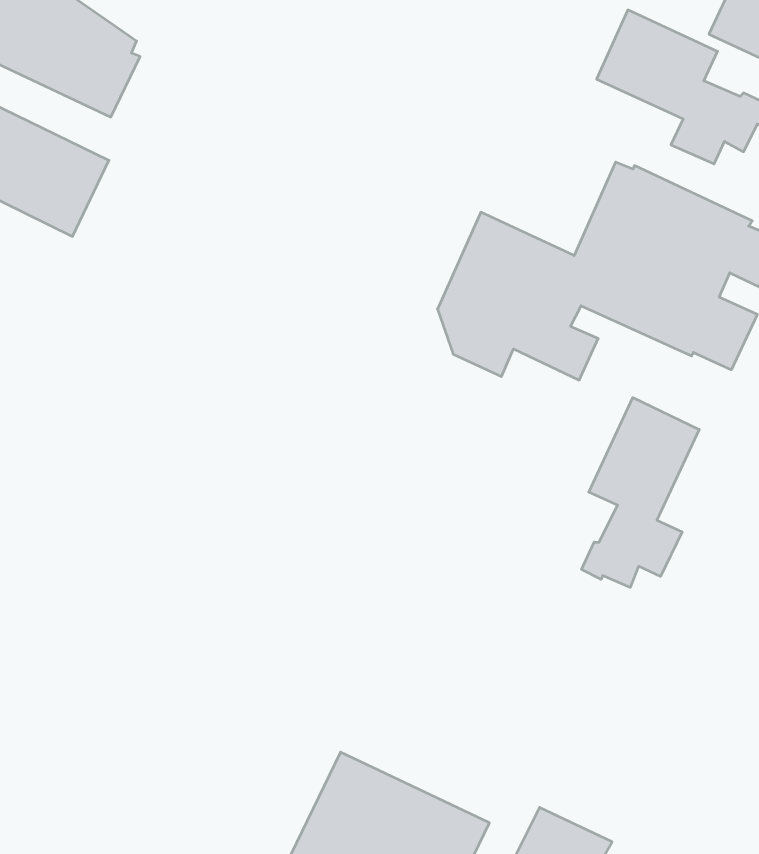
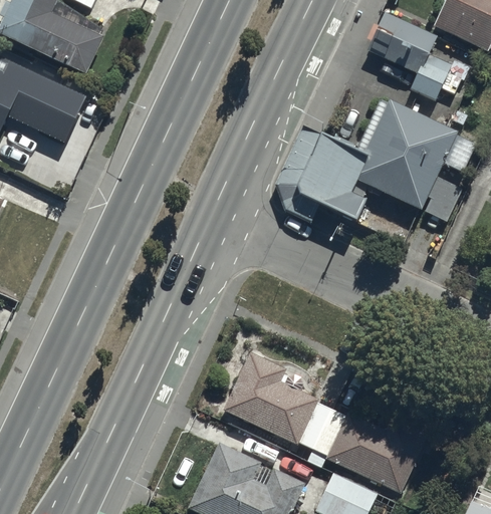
building: [582,398,699,587] -> none
building: none -> [223,351,429,493]

